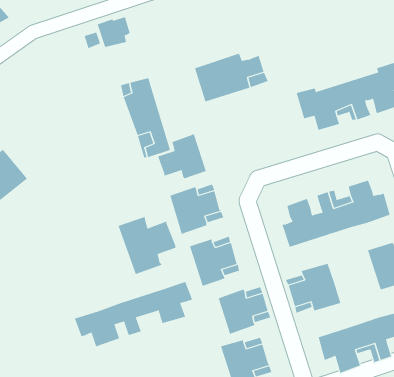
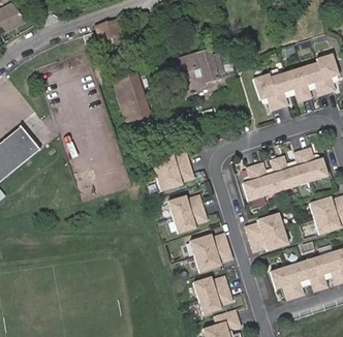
building: [157,133,206,179] -> none
building: [118,216,176,275] -> none
building: [74,281,193,347] -> none

